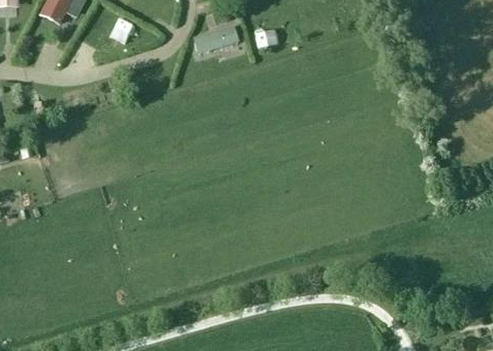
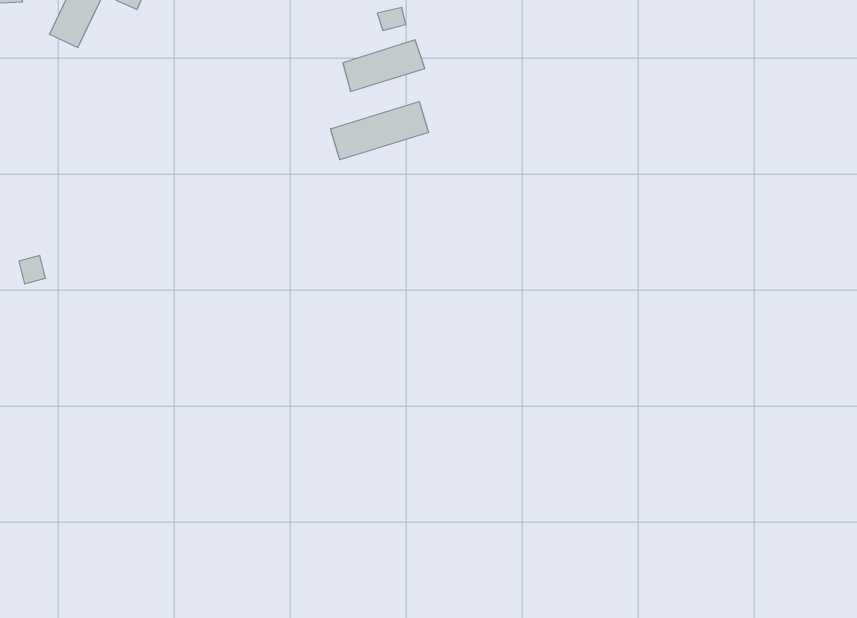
building: none -> [331,102,428,160]

